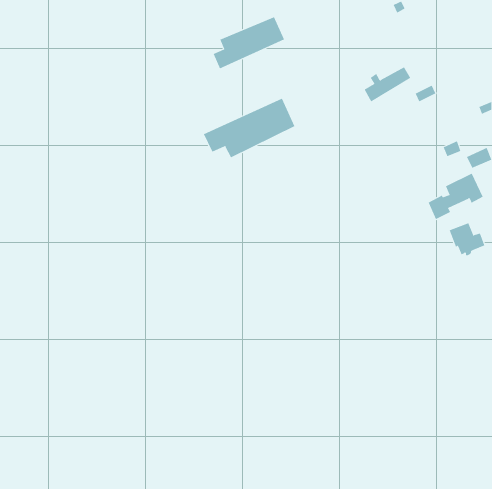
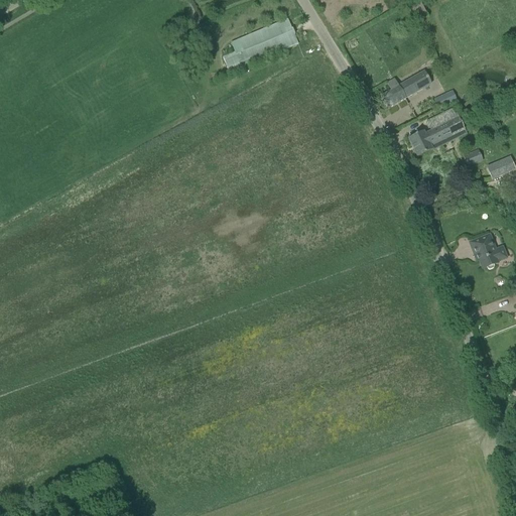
building: [203,98,295,158] -> none
building: [428,173,484,220] -> [408,106,467,155]

